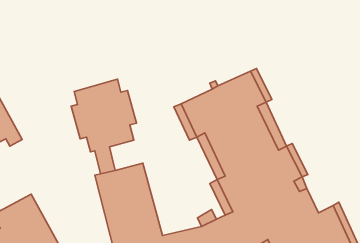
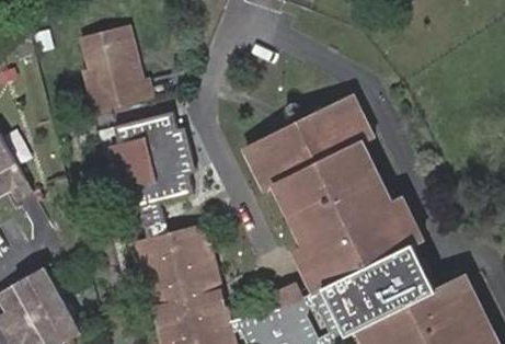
building: none -> [81,26,149,110]

